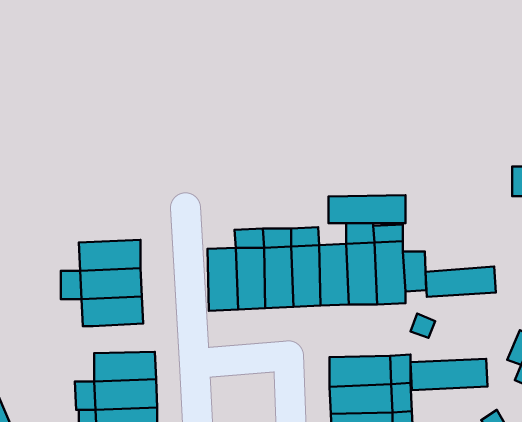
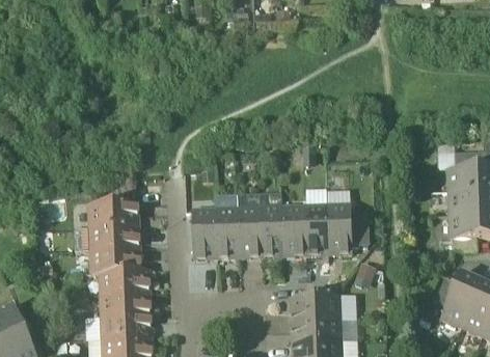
building: [328,195,405,223] -> none
building: [425,266,496,297] -> none
building: none -> [100,270,149,294]
building: [411,359,487,390] -> none

